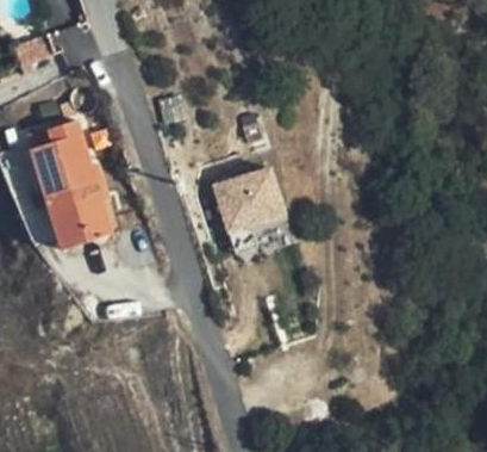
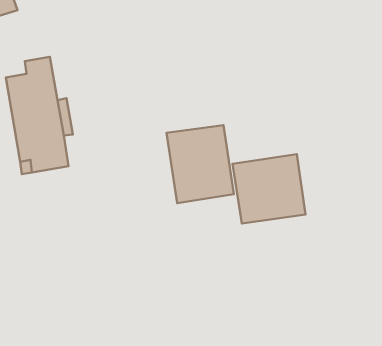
building: none -> [233,154,305,224]

